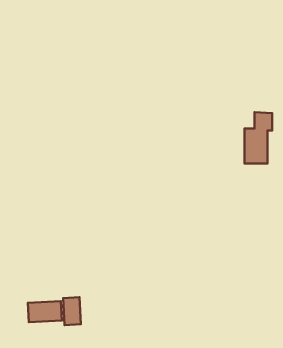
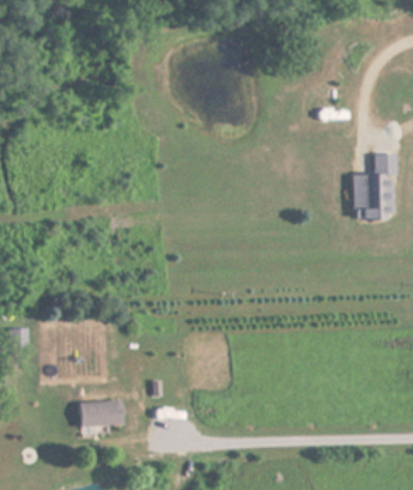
building: [63,297,81,325] -> none

